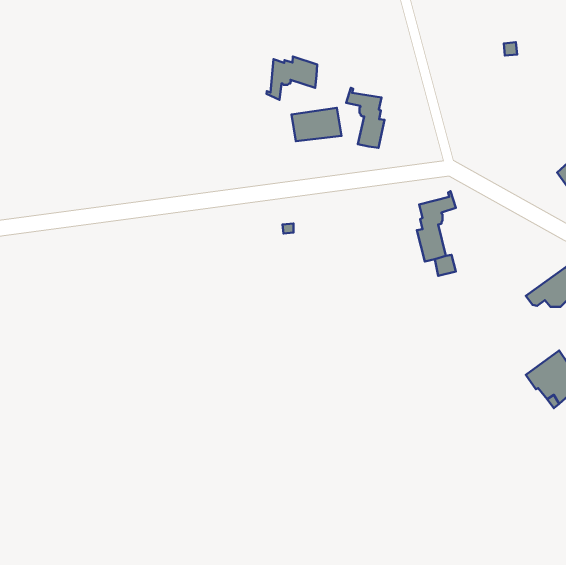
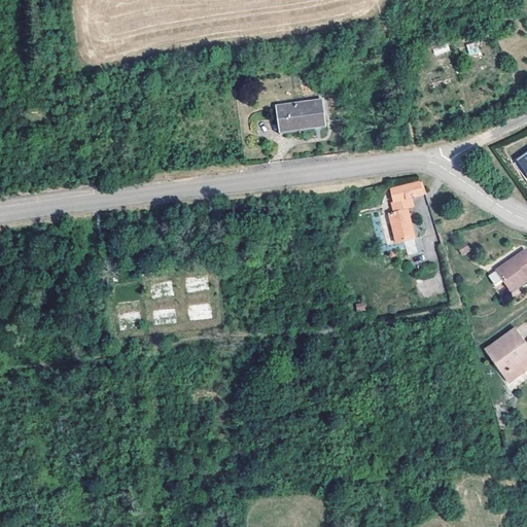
building: [266,56,317,100] -> none
building: [346,88,385,148] -> none

